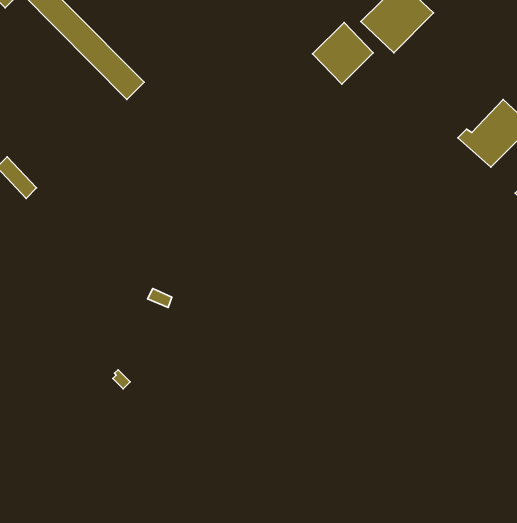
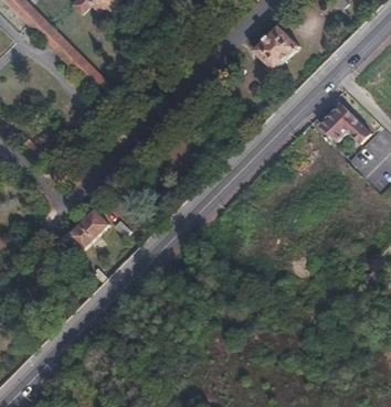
building: [313,22,373,84] -> none
building: none -> [67,210,109,250]

